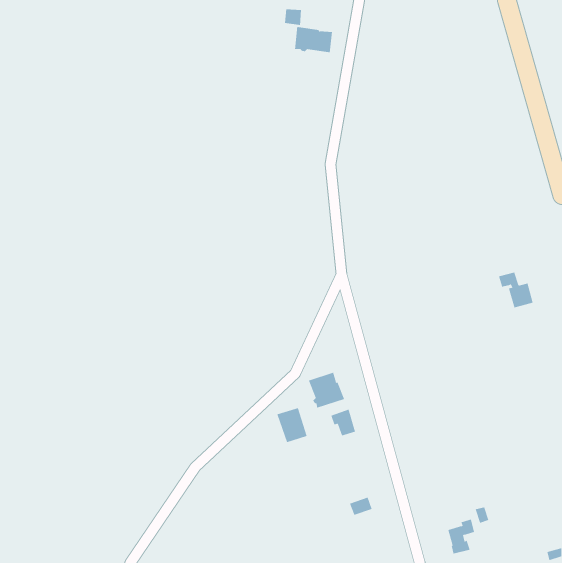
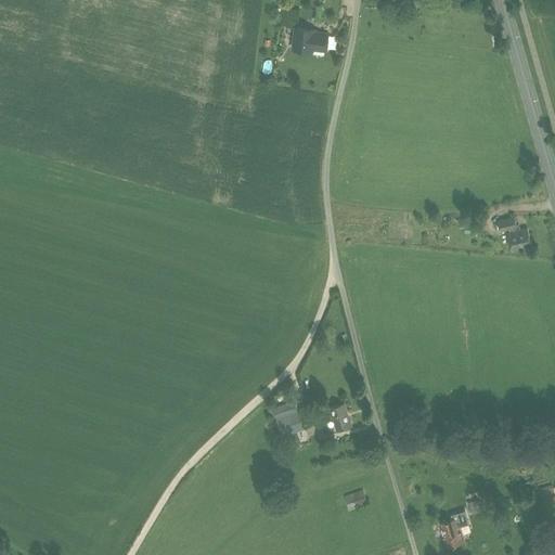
building: [498,272,534,308] -> [496,216,531,251]
building: [308,372,345,409] -> none

